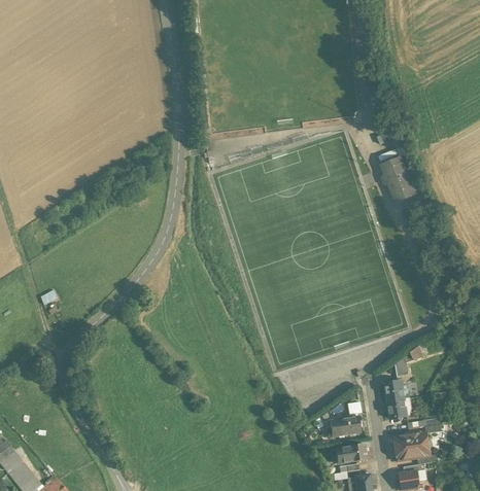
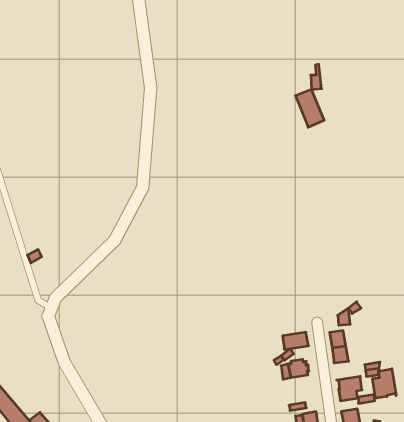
building: [381,159,414,202] -> [295,90,324,127]
building: none -> [373,369,396,398]
building: [337,444,367,463] -> [283,332,309,349]

